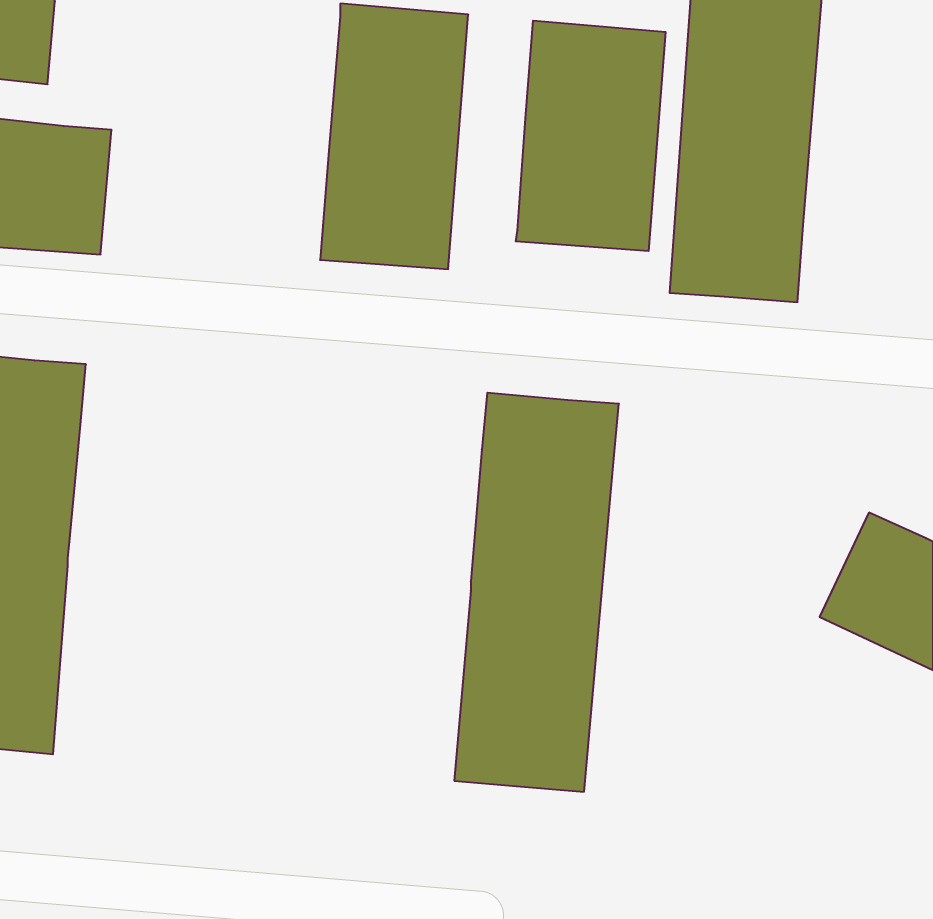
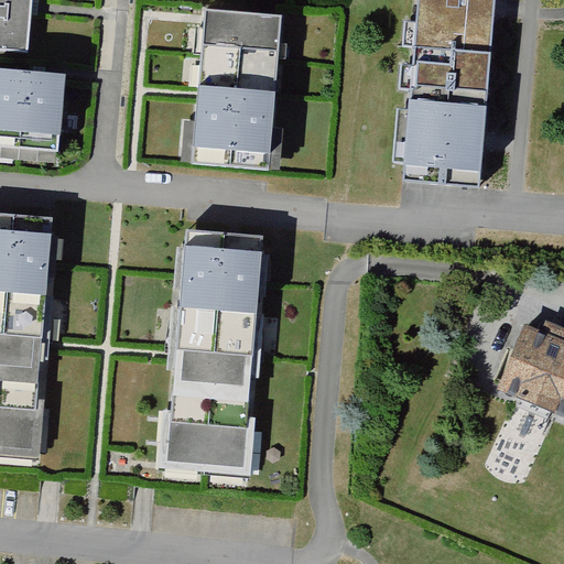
building: [516,21,666,251] -> none
building: [454,393,619,792] -> [165,232,264,473]

